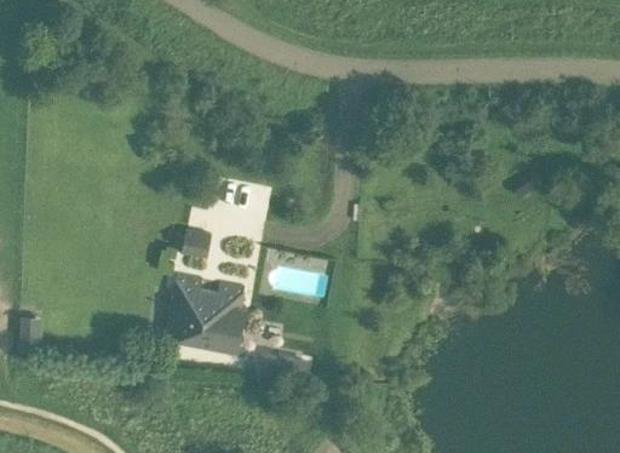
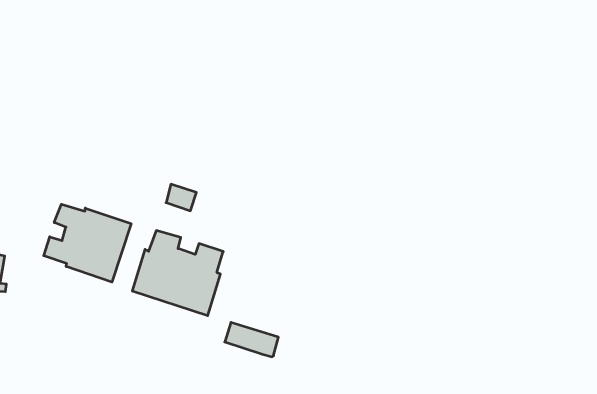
building: none -> [44,204,131,282]

